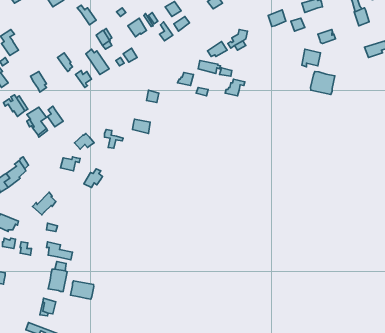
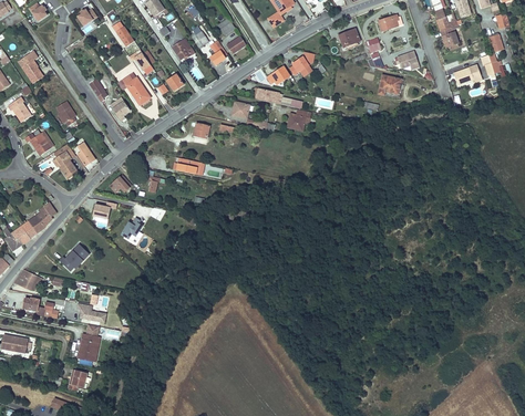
building: [311,71,335,95] -> none
building: [71,281,94,299] -> none

